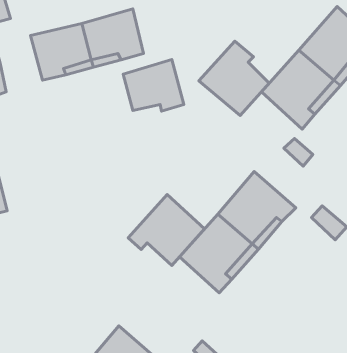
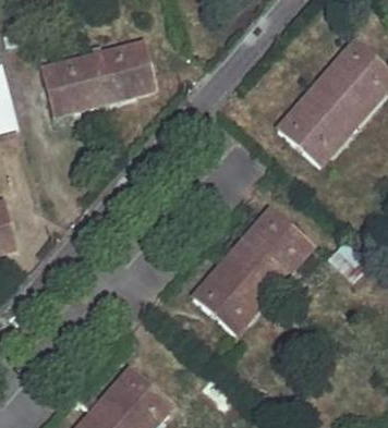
building: [199,41,269,116] -> none
building: [123,60,184,111] -> none
building: [128,194,205,266] -> none

